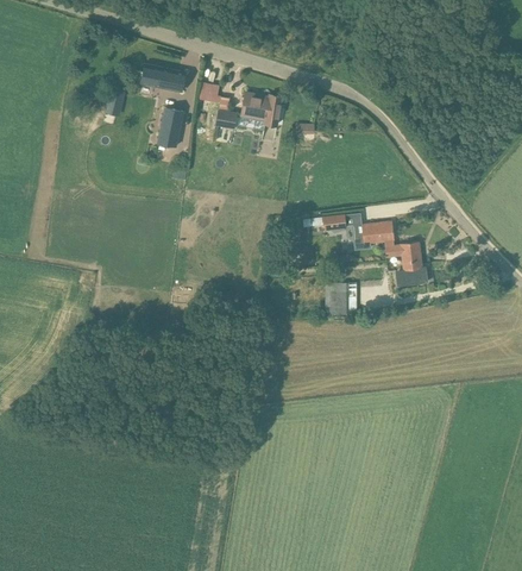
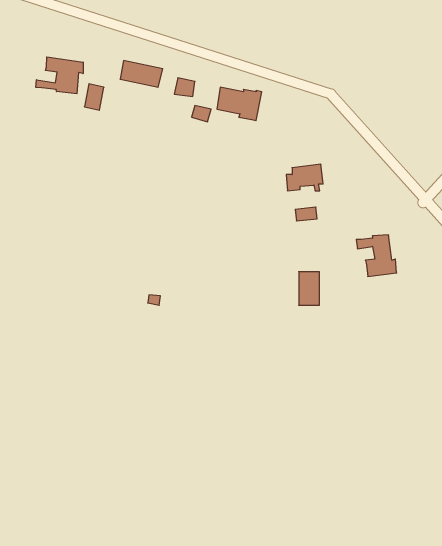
building: none -> [36,57,83,94]
building: [157,107,183,146] -> none
building: [356,221,394,249] -> [286,164,323,191]

